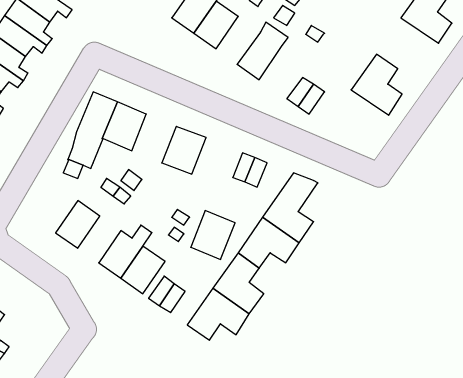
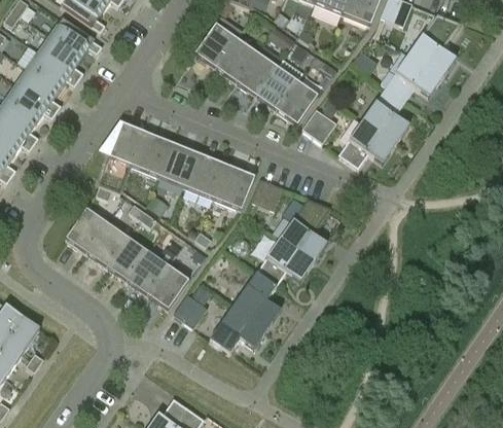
building: none -> [236,52,277,97]
building: none -> [385,53,442,101]
building: none -> [276,80,318,126]
building: none -> [338,120,396,168]
building: none -> [157,143,199,188]
building: none -> [65,209,107,253]
building: [191,211,235,259] -> [213,165,254,210]
building: none -> [107,238,147,281]

